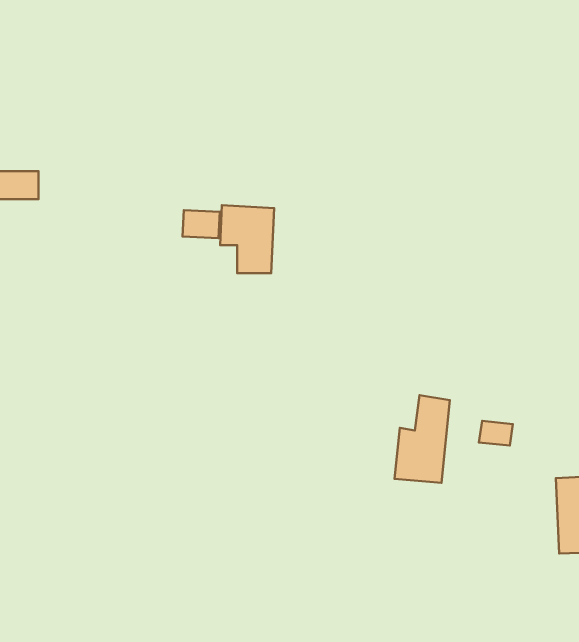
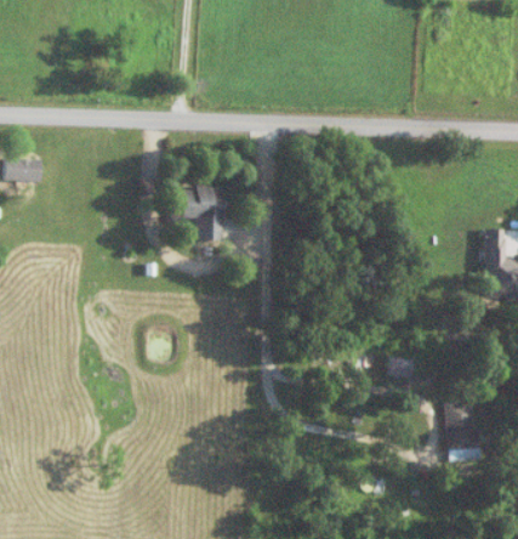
building: [183,210,220,238] -> none
building: [394,395,450,483] -> none

